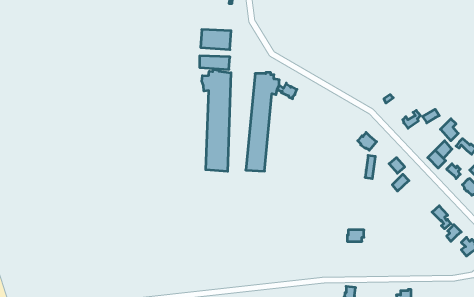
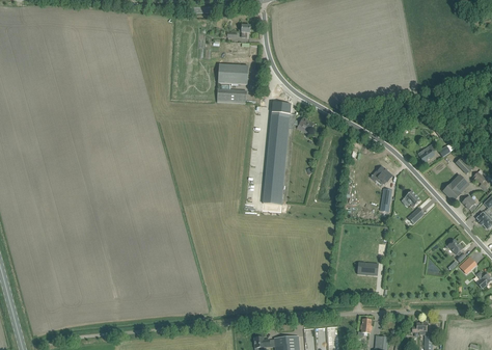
building: [202,70,231,171] -> none

